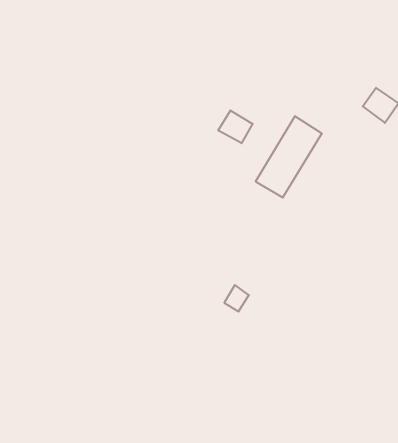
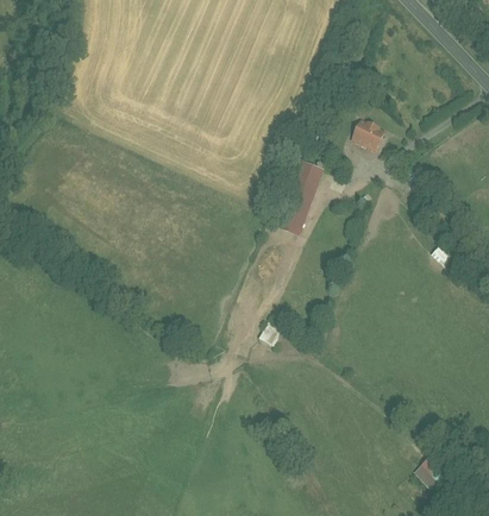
building: [218,110,253,143] -> none

